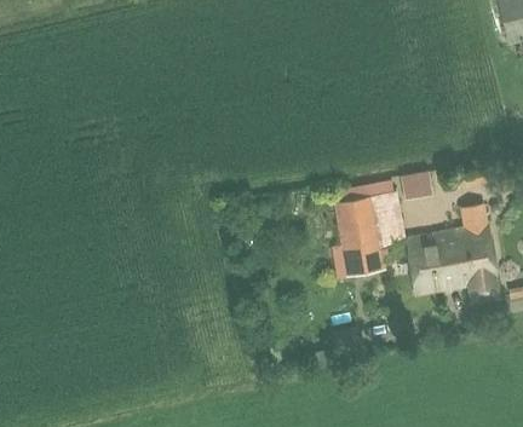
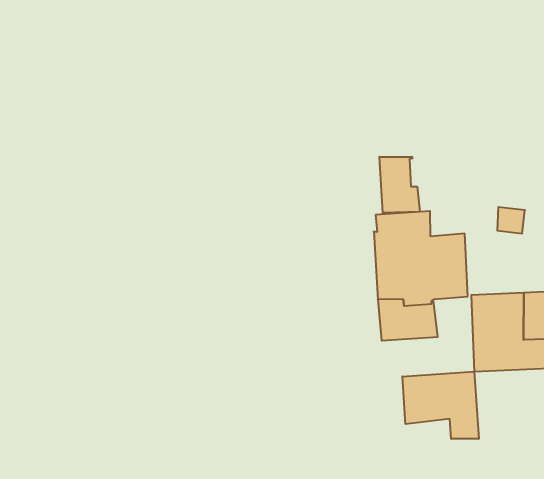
building: none -> [379,157,420,213]
building: none -> [402,371,479,439]

